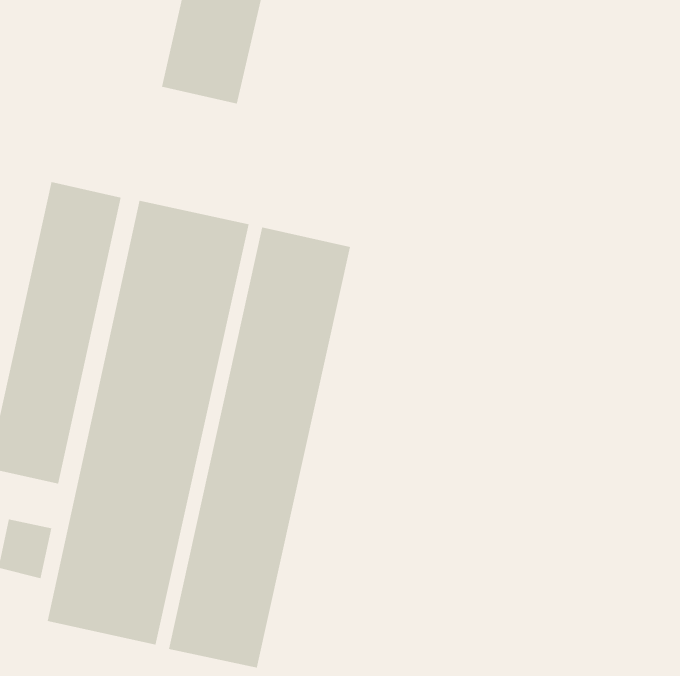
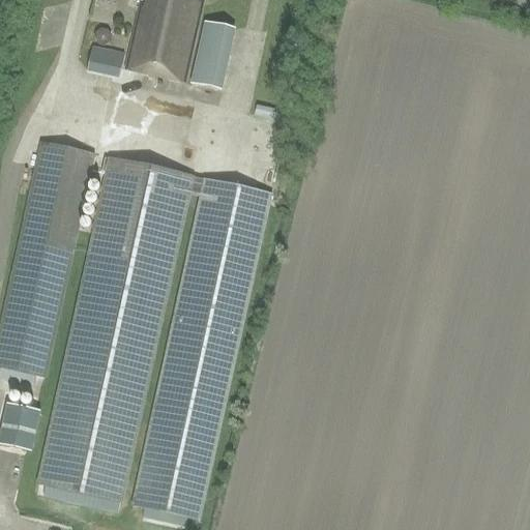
building: none -> [190,20,235,89]
building: none -> [87,45,124,73]

